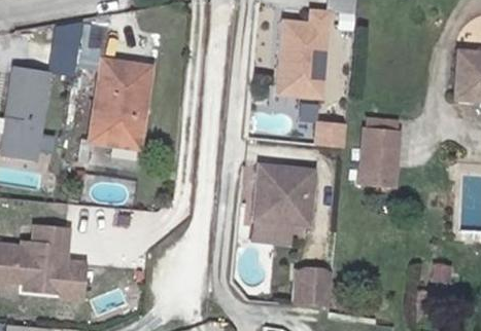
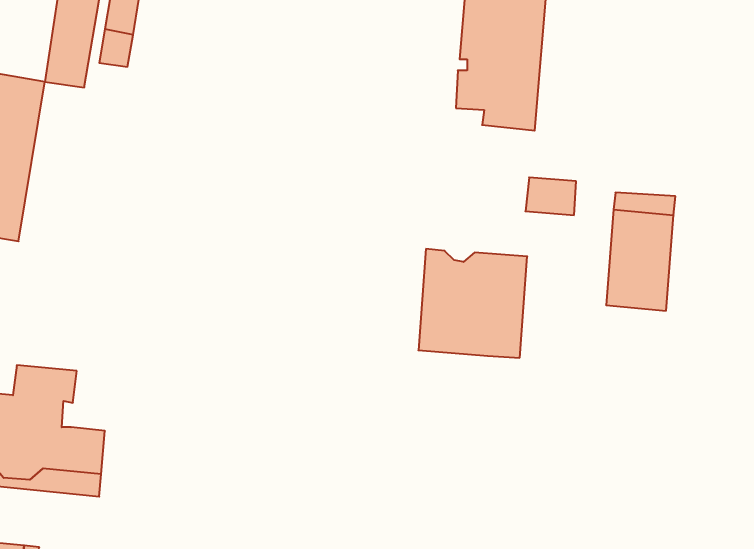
building: [90,60,150,147] -> none
building: [254,219,295,243] -> none
building: [294,277,329,316] -> none

